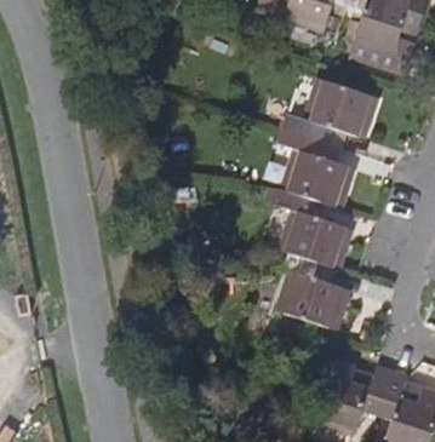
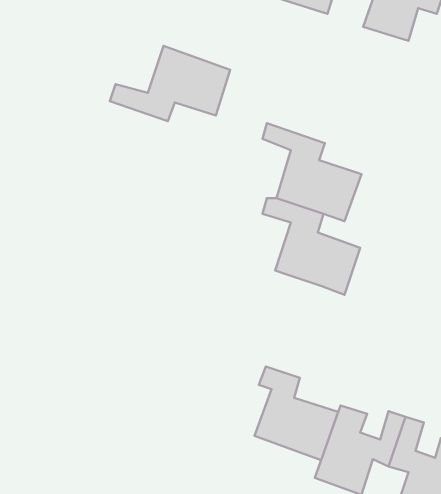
building: [350,29,414,71] -> none
building: [273,74,376,138] -> [110,46,230,121]
building: [281,251,353,331] -> [255,366,338,460]

